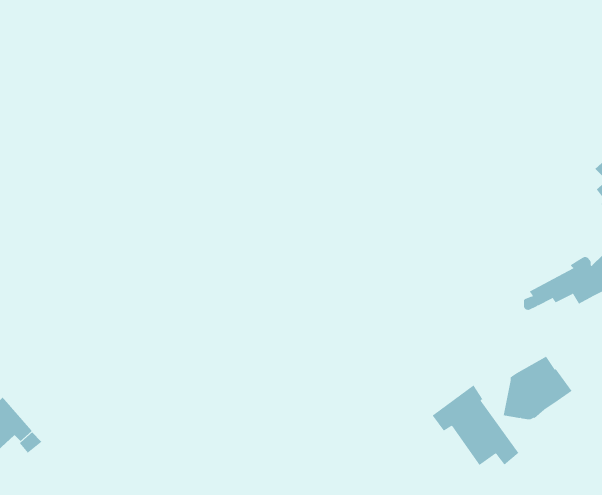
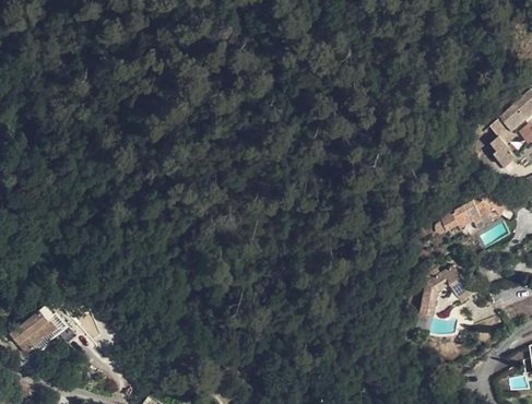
building: [432,384,519,466] -> none

